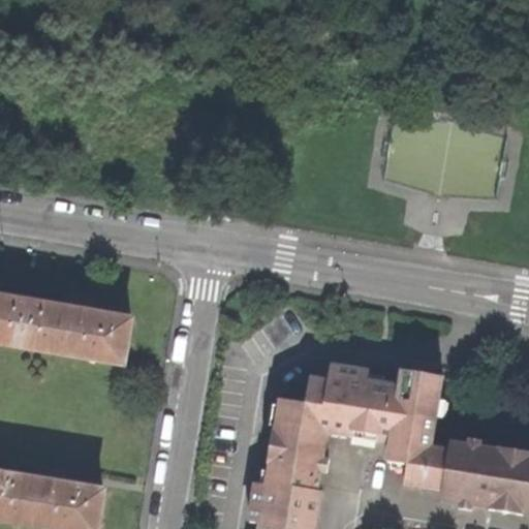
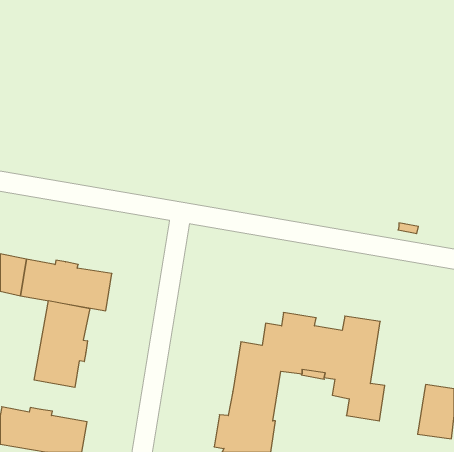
building: none -> [34,301,90,387]
building: [440,440,495,505] -> none

